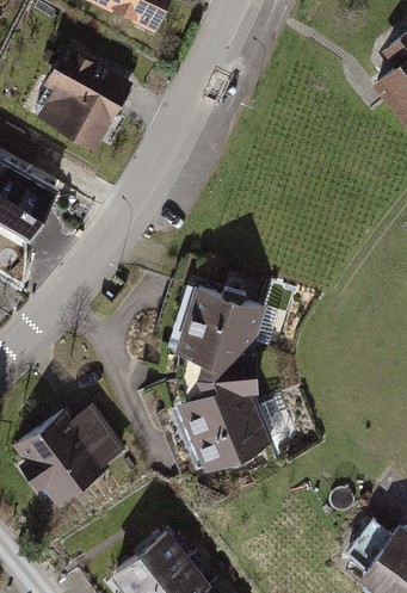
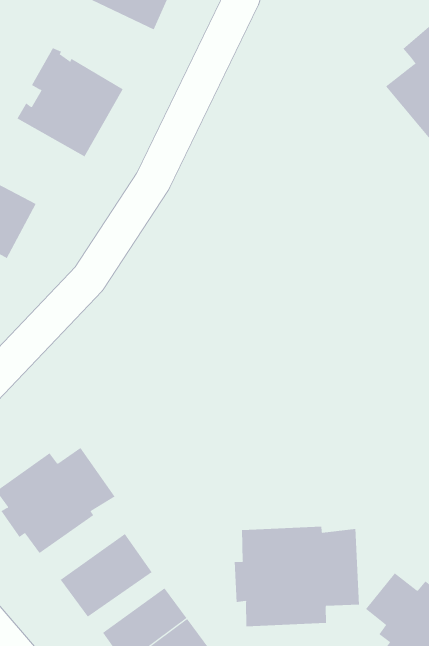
building: [174,285,271,469] -> none
building: none -> [234,526,360,627]
building: none -> [60,533,153,618]

